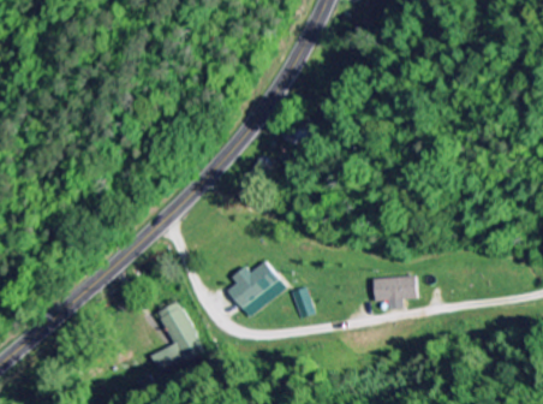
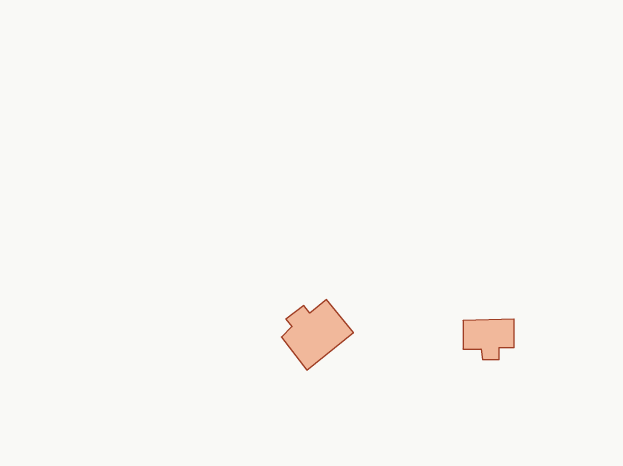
building: [151,301,204,373] -> none

